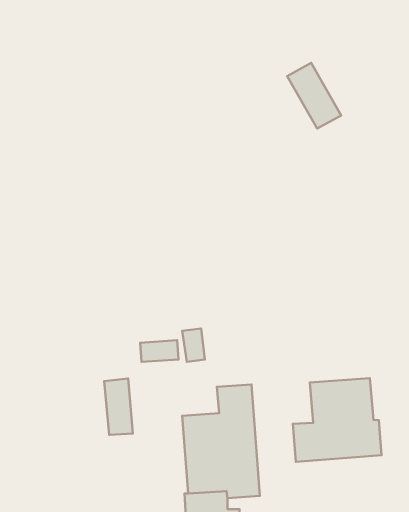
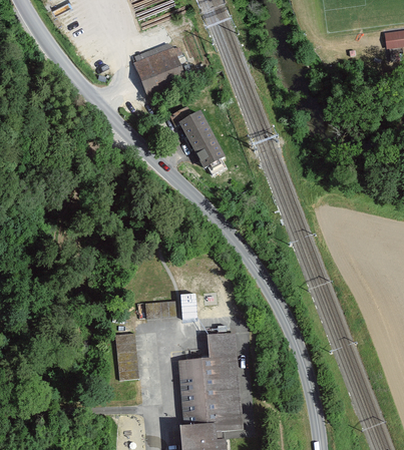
building: none -> [134,44,187,97]
building: [287,63,341,129] -> [179,115,225,170]
building: [293,378,382,462] -> none

